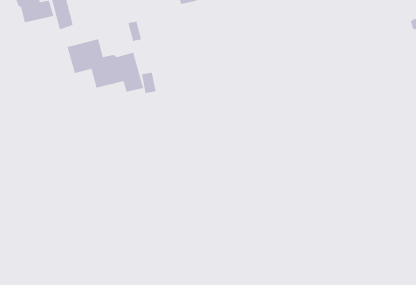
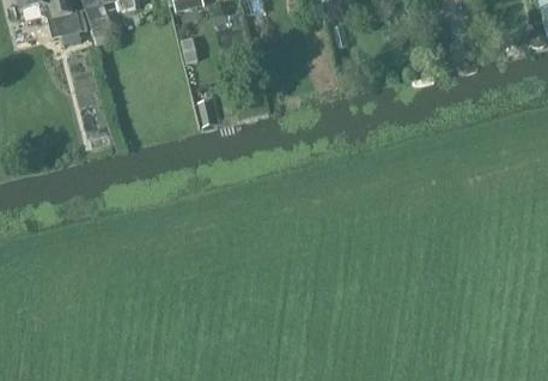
building: [67,38,144,93] -> none

